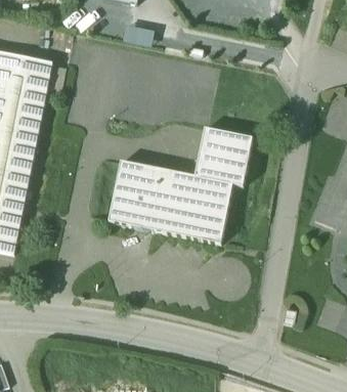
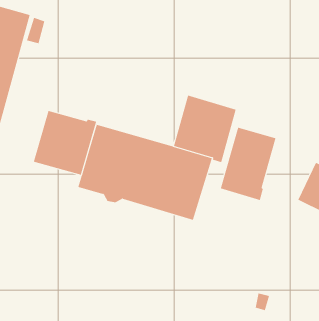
building: none -> [33,110,97,175]
building: none -> [220,127,276,201]

